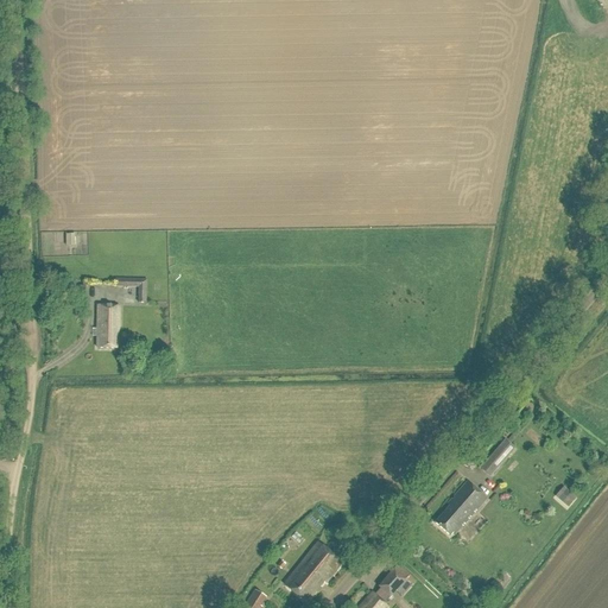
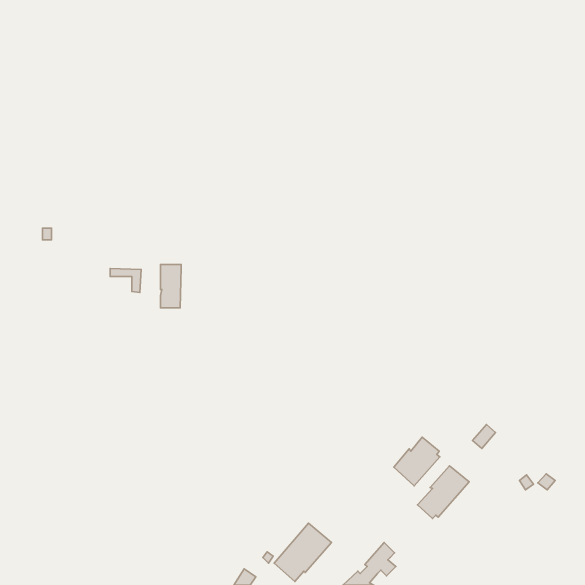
building: [96,304,118,349] -> [161,264,181,308]
building: none -> [394,437,440,486]

